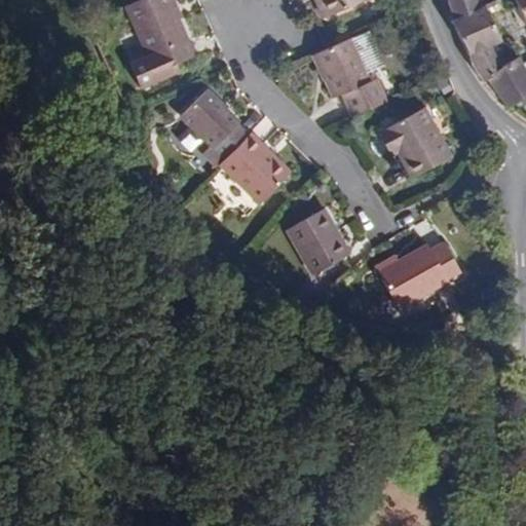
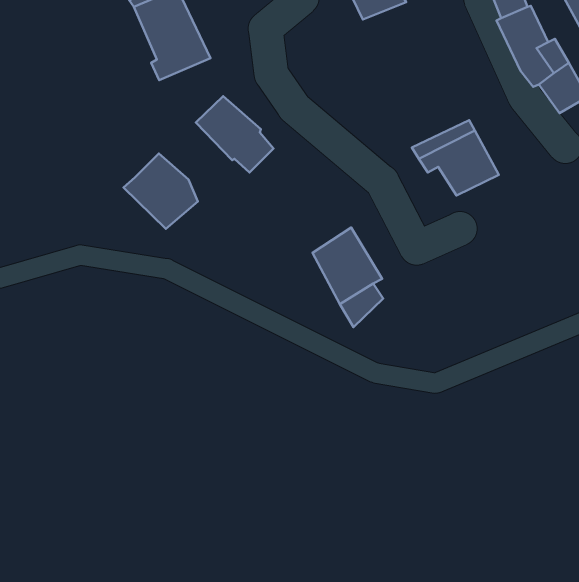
building: [312,38,387,115] -> none
building: [219,134,286,201] -> [123,153,198,229]
building: [367,245,453,310] -> none

